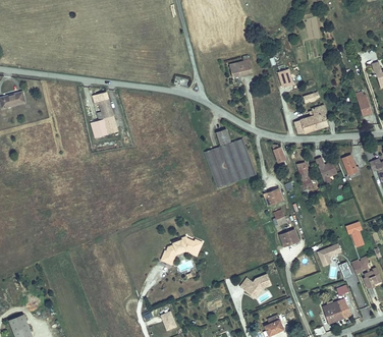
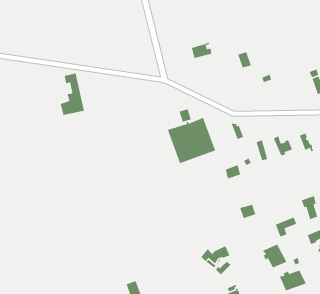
building: [294,105,328,133] -> none
building: [161,236,202,265] -> none
building: none -> [262,244,287,268]

